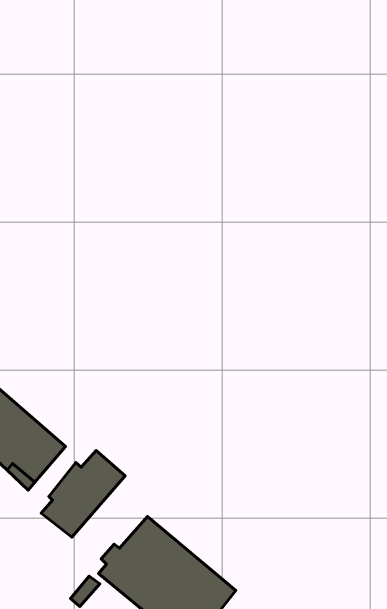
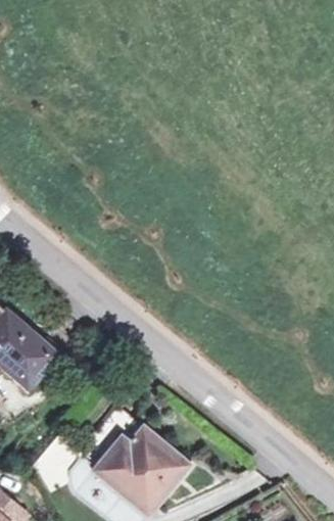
building: [41,450,125,537] -> none

